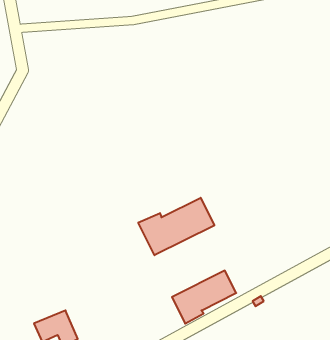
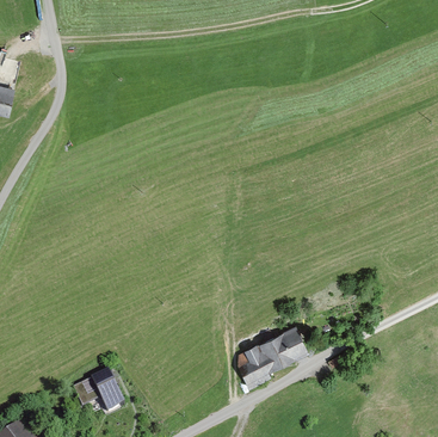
building: [138,198,214,255] -> none

